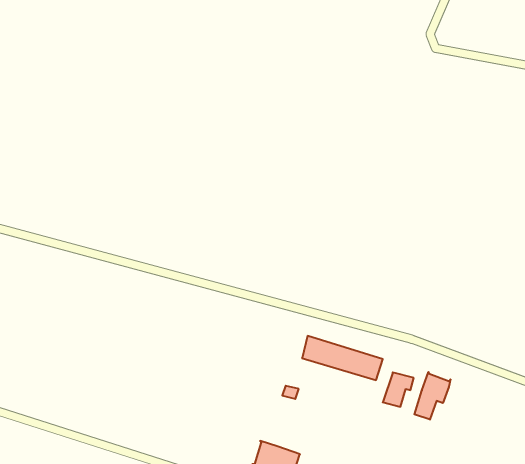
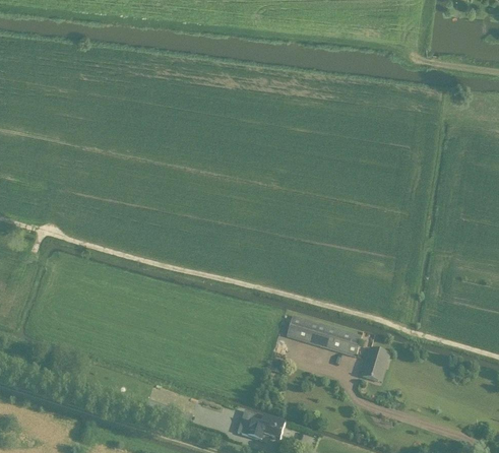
building: [414,372,450,420] -> none

